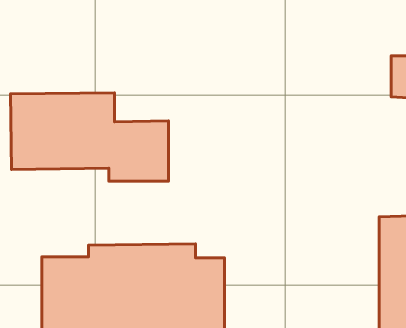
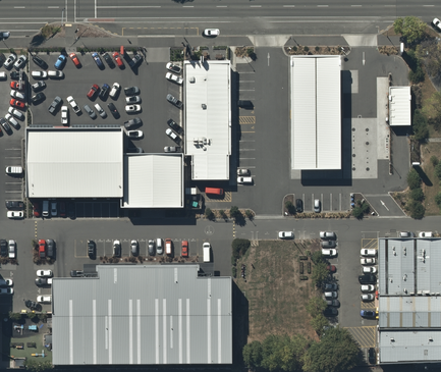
building: none -> [289,58,340,172]
building: none -> [185,61,230,179]

